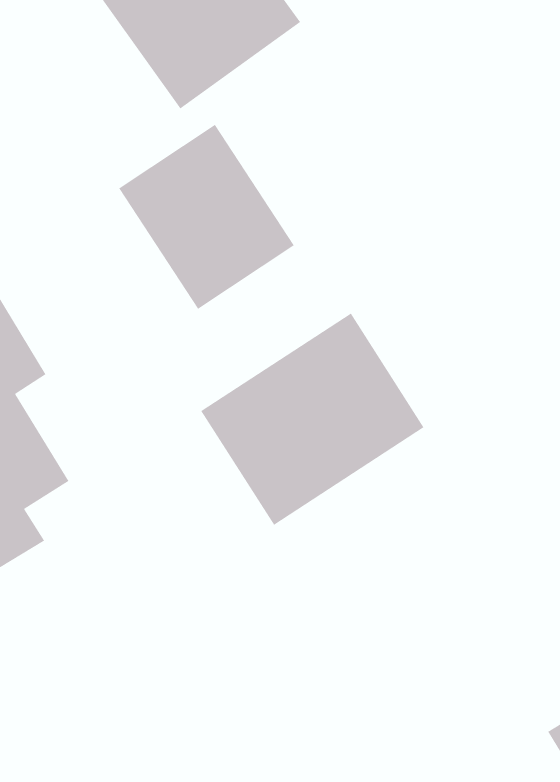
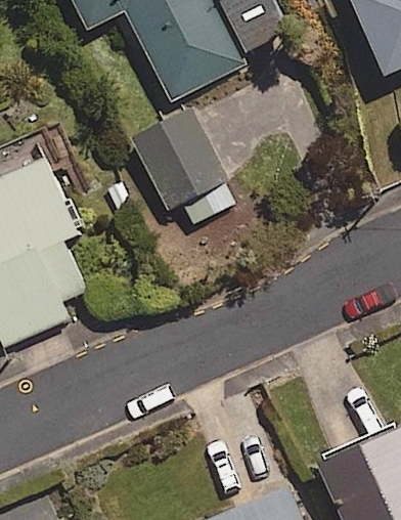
building: [200,313,425,526] -> none

